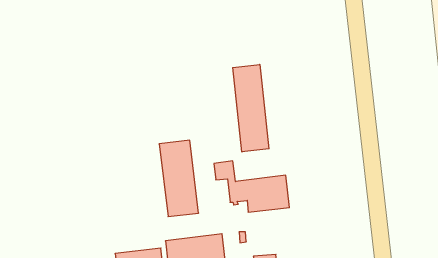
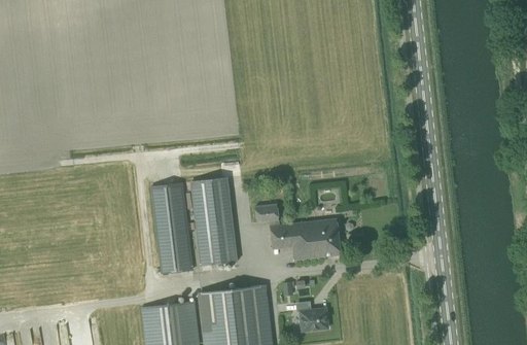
building: [233,64,269,152] -> none
building: none -> [151,183,192,274]

